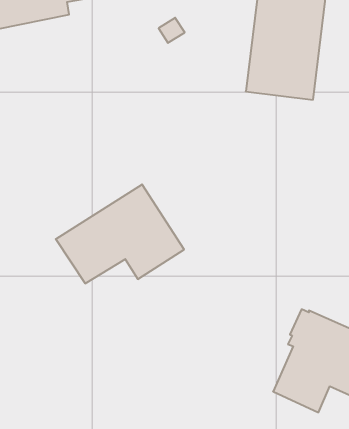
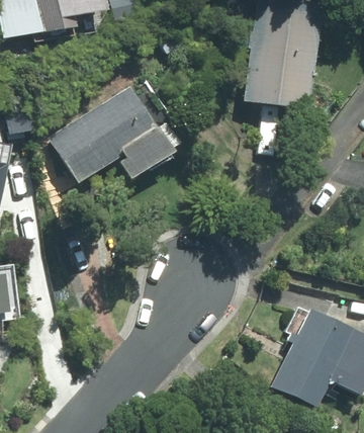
building: [56,184,184,283] -> [54,84,177,179]

